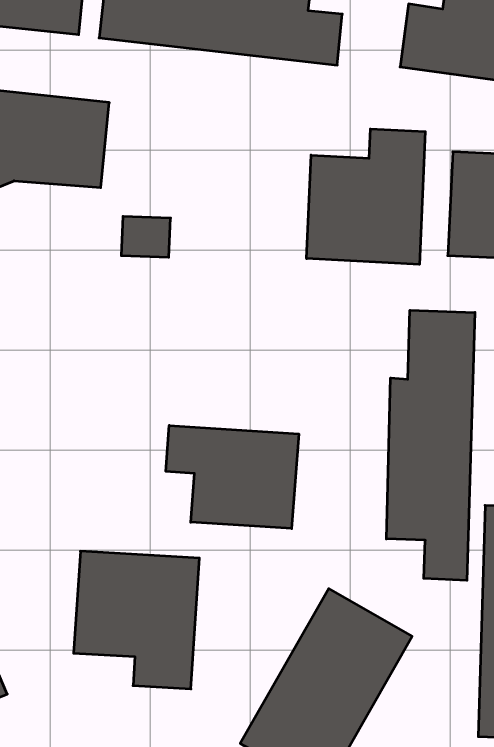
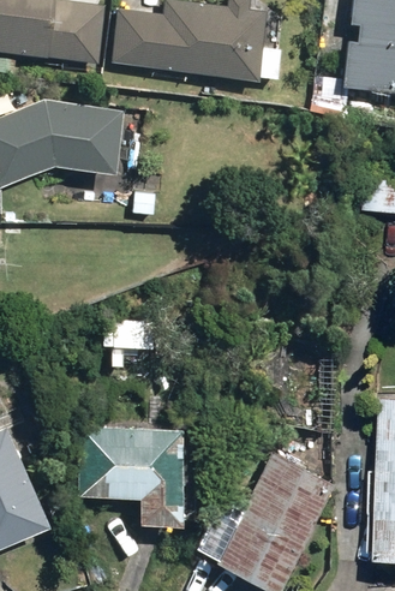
building: [307,129,425,264] -> none
building: [386,310,475,580] -> none
building: [166,425,299,529] -> none

